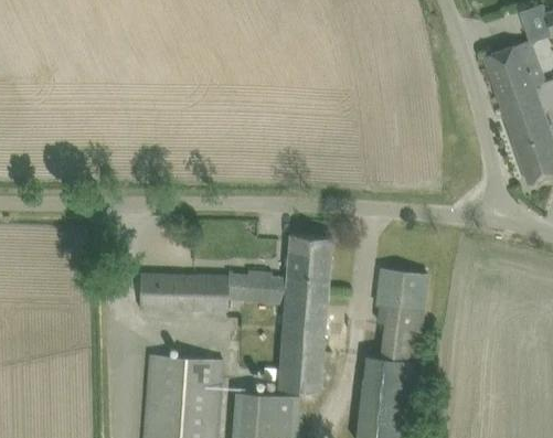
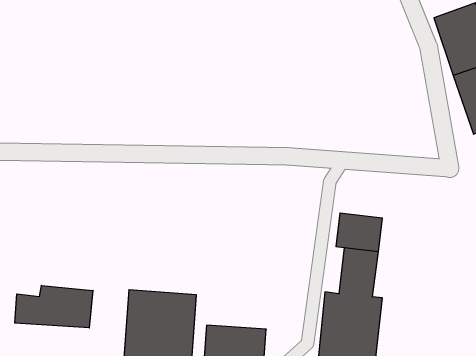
building: [245,236,331,393] -> none
building: [138,276,227,312] -> none
building: none -> [15,285,93,328]

